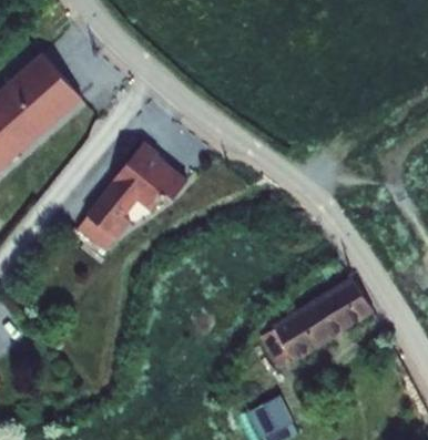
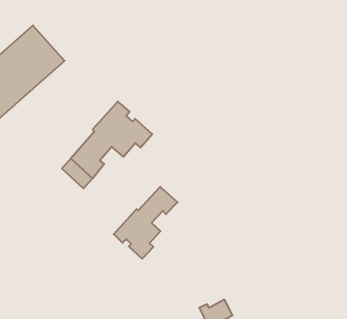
building: none -> [114,187,178,259]
building: [265,277,365,356] -> none

